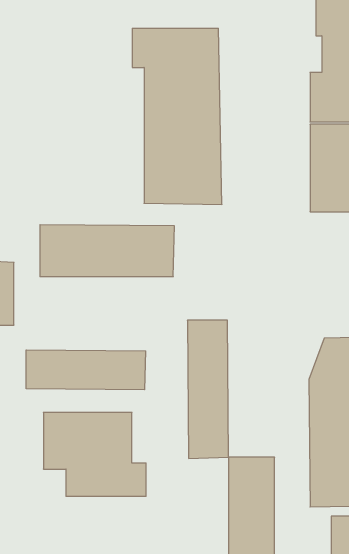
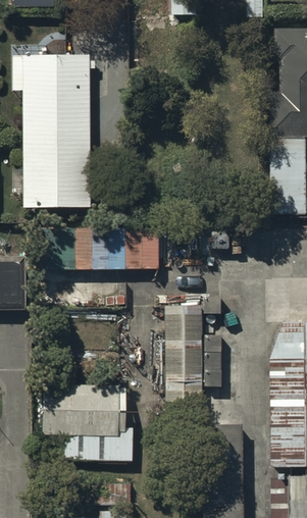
building: [132,28,222,204] -> [12,55,90,207]
building: [26,350,146,390] -> none

